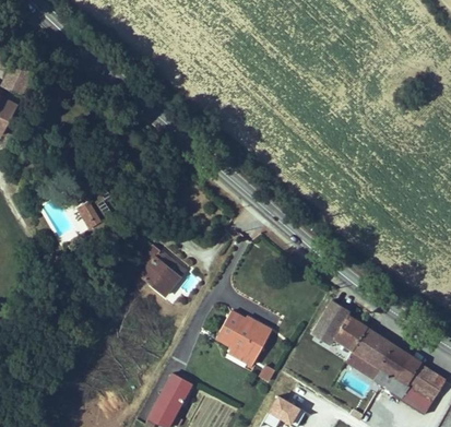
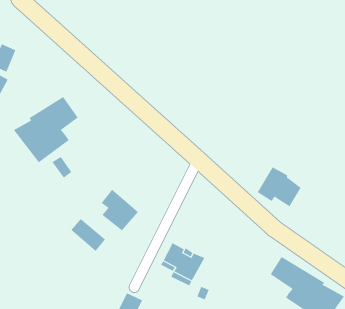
building: none -> [13,96,78,163]
building: none -> [70,218,106,252]
building: [309,299,366,351] -> [257,166,302,207]

